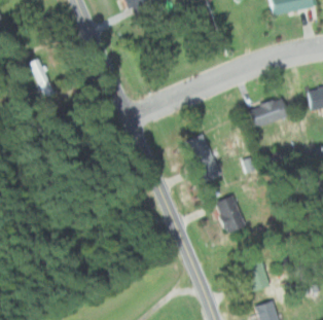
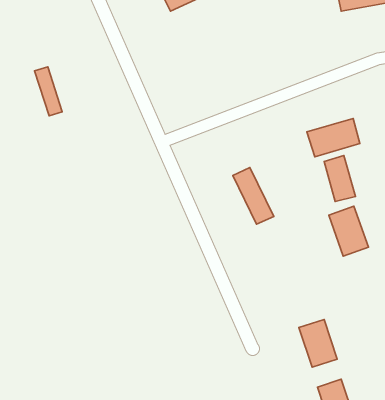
building: none -> [324,156,356,202]
building: [214,195,245,235] -> [329,206,368,256]

